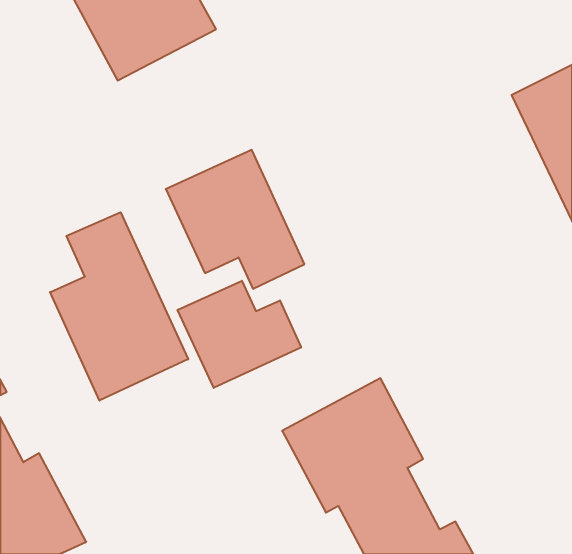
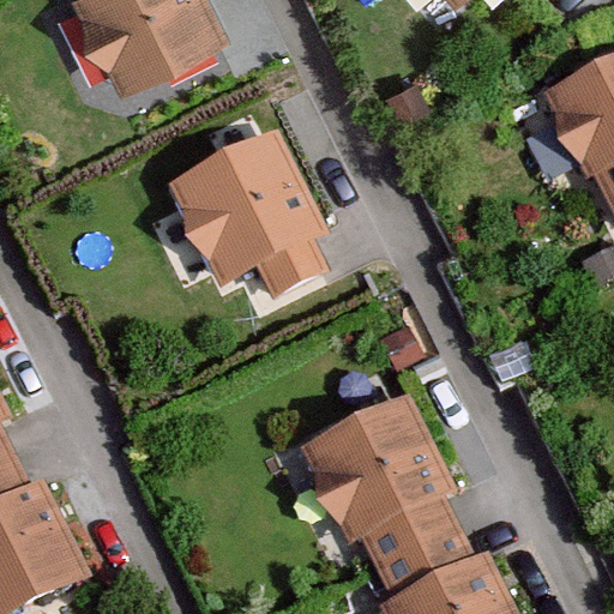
building: [50,212,188,401] -> none
building: [177,281,301,388] -> none

